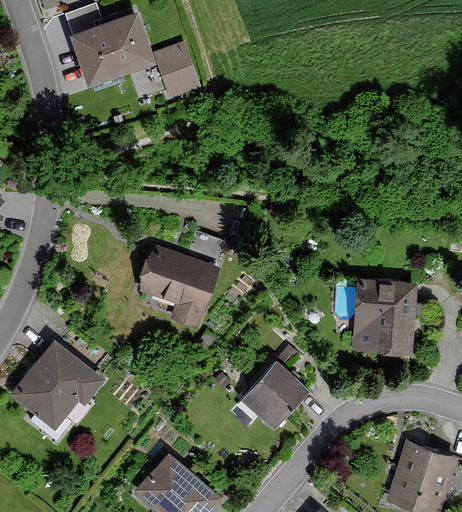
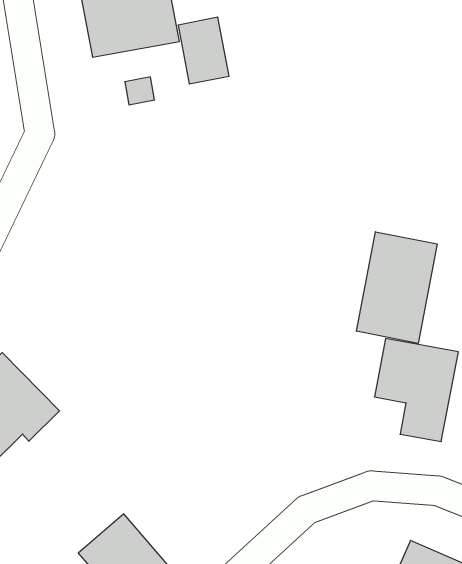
building: none -> [356,232,437,344]
building: [132,244,217,325] -> none
building: [241,362,309,430] -> none

